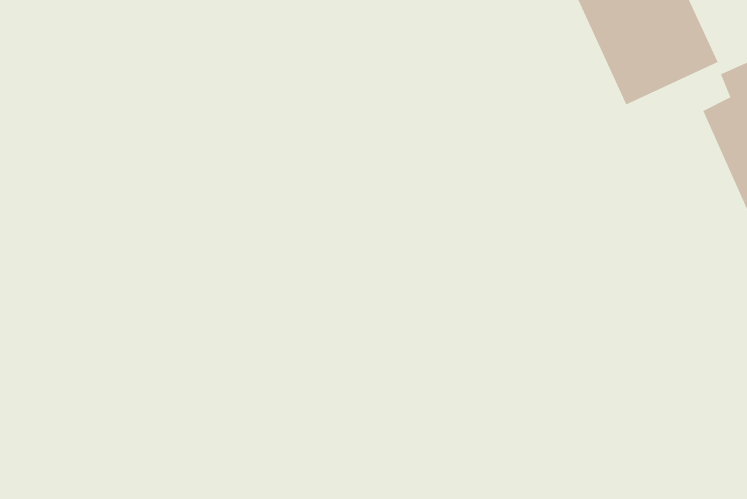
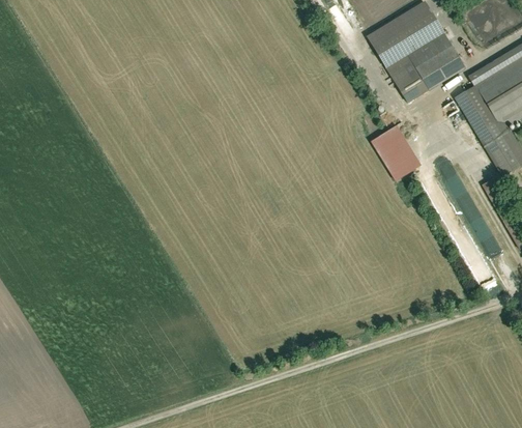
building: none -> [373,127,419,180]

